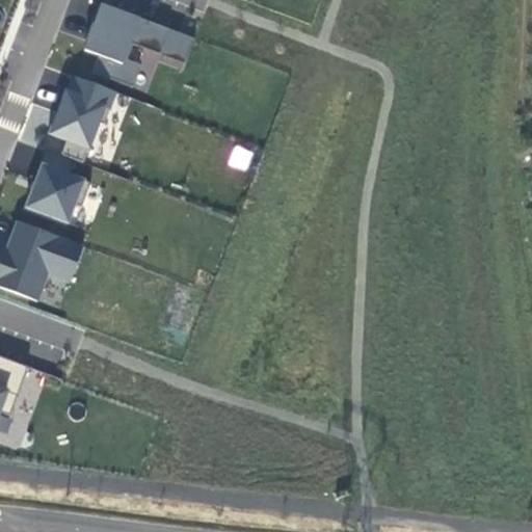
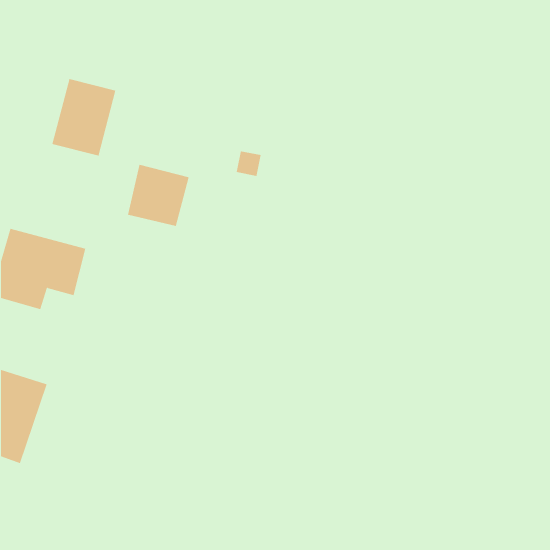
building: [84,5,194,65] -> none
building: [26,162,86,222] -> [127,164,190,227]

